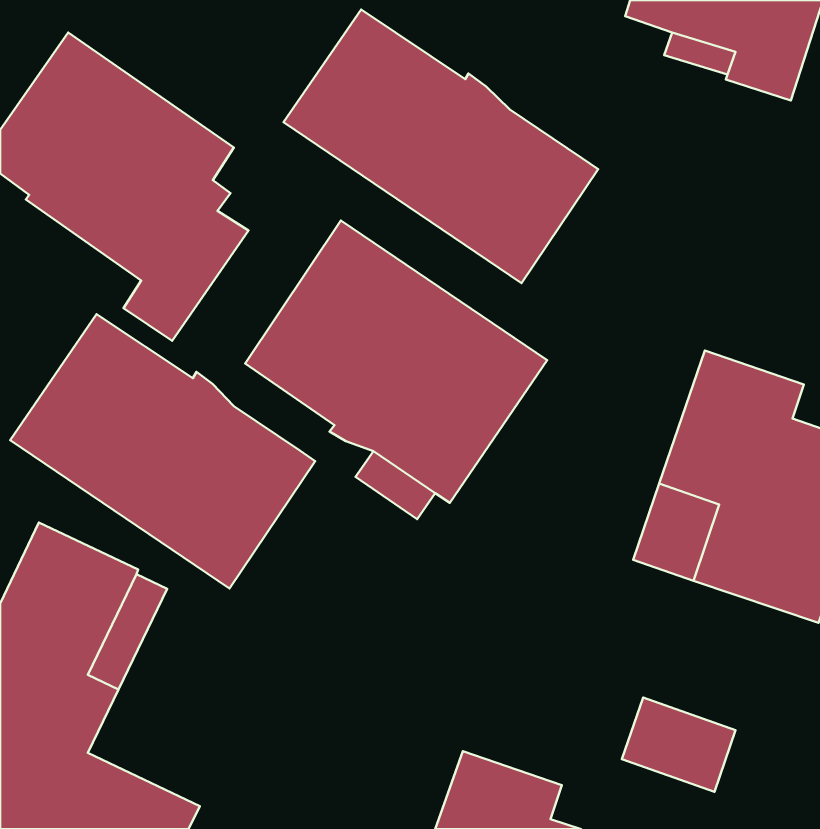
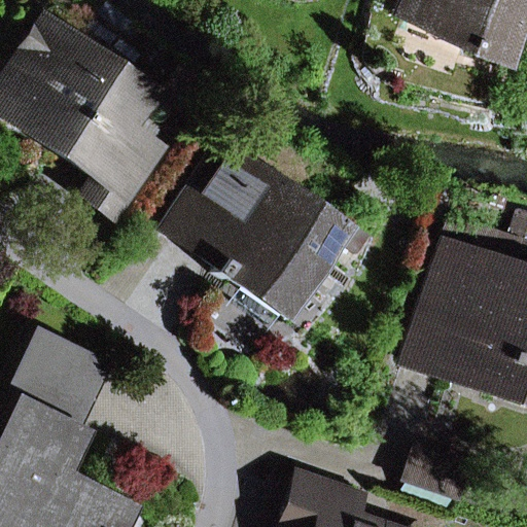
building: [284,10,598,283] -> none
building: [10,314,315,588] -> none

